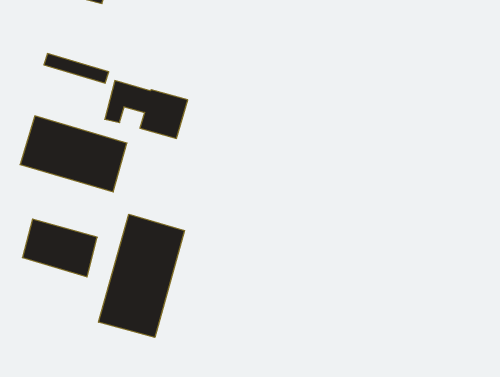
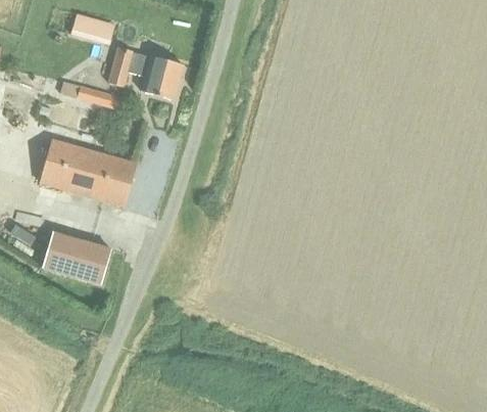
building: [105,81,188,138] -> [108,48,183,100]
building: [99,214,184,337] -> none

